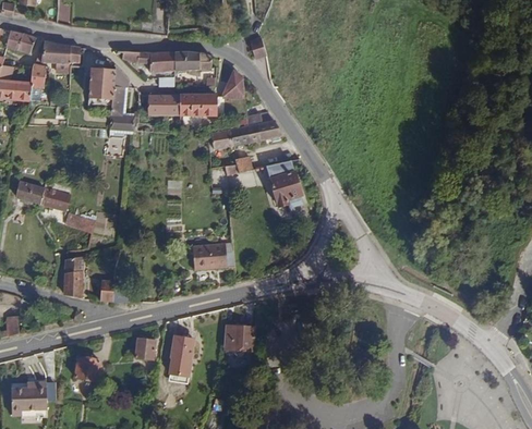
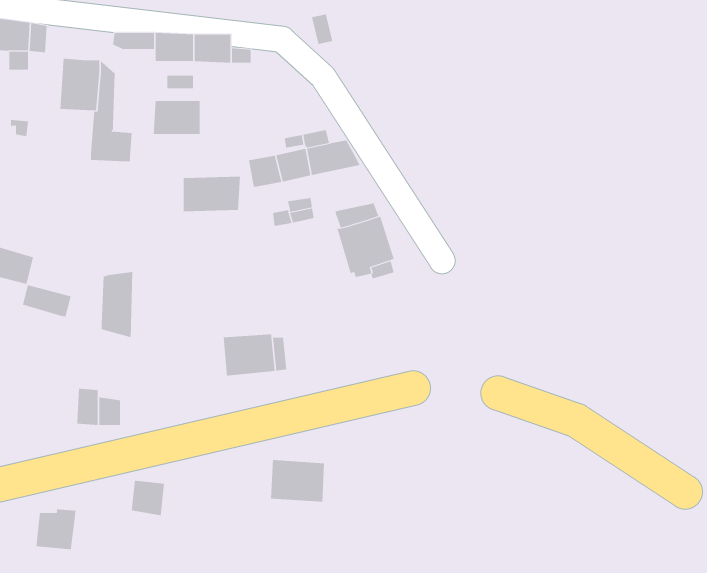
building: [220,69,243,98] -> none
building: [179,93,216,115] -> [183,176,241,212]
building: [63,255,84,297] -> [101,272,133,338]
building: [167,333,194,377] -> none

